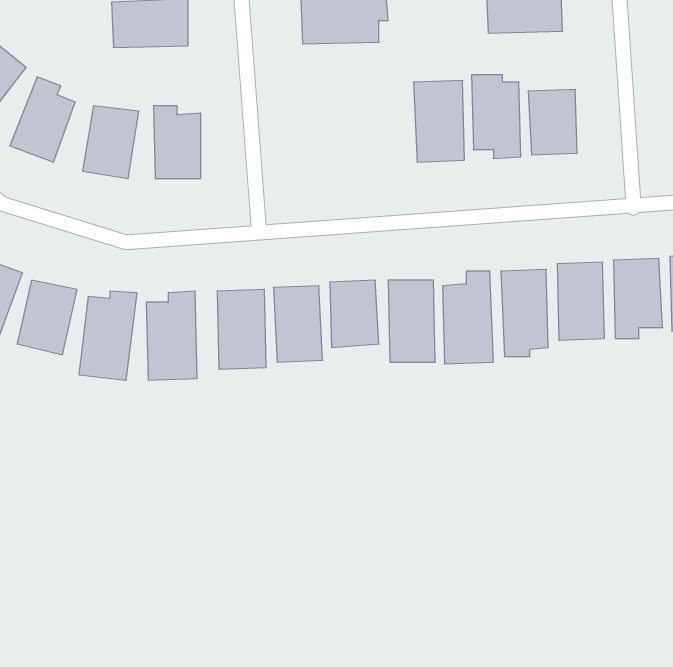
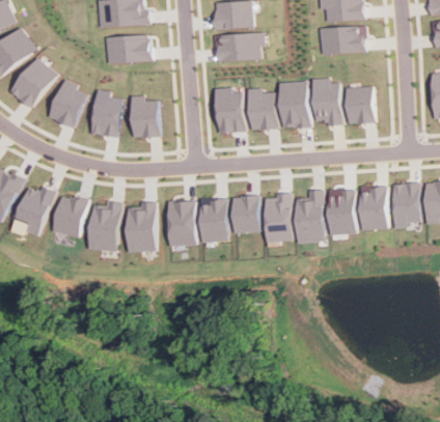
building: none -> [215,87,244,133]
building: none -> [247,88,277,131]

